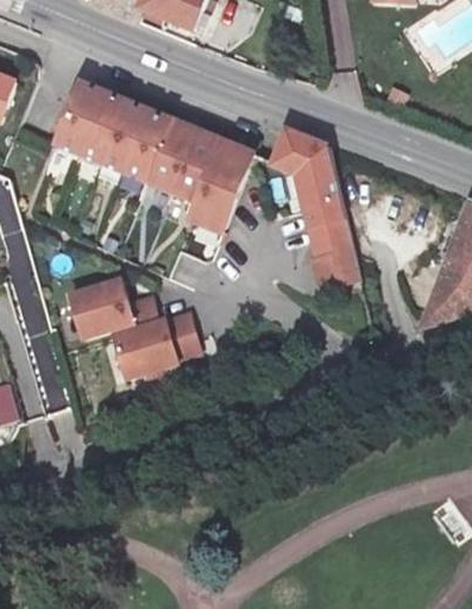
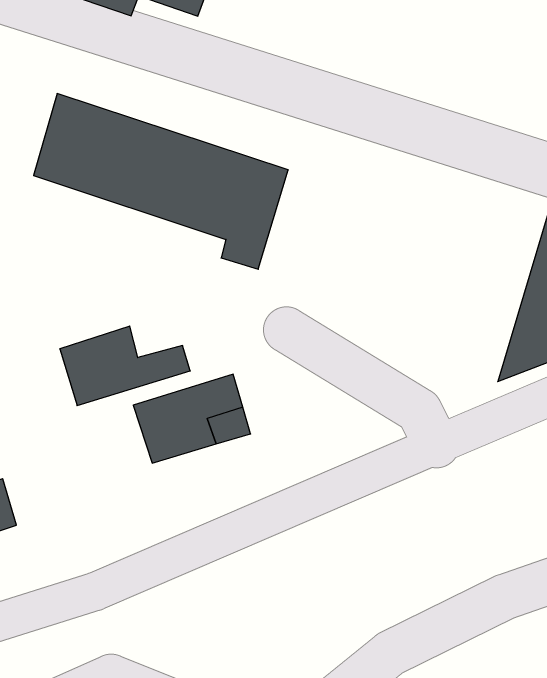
building: [263,125,358,295] -> none

